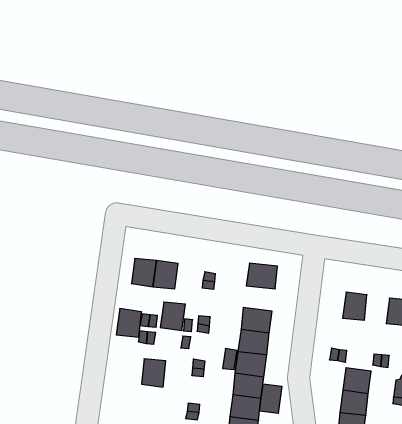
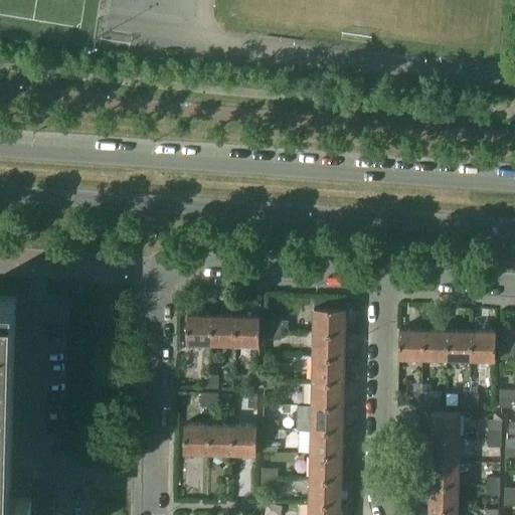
building: none -> [312,335,345,360]
building: none -> [398,331,423,360]
building: none -> [447,332,472,361]
building: [160,302,185,330] -> [234,318,260,347]
building: [116,309,141,337] -> [183,425,208,455]
building: none -> [232,426,256,456]
building: [259,384,282,413] -> none

